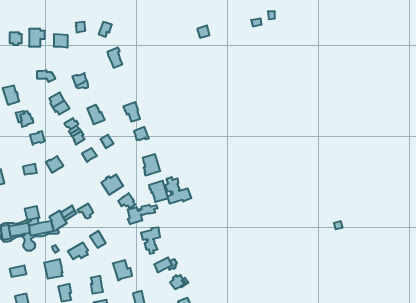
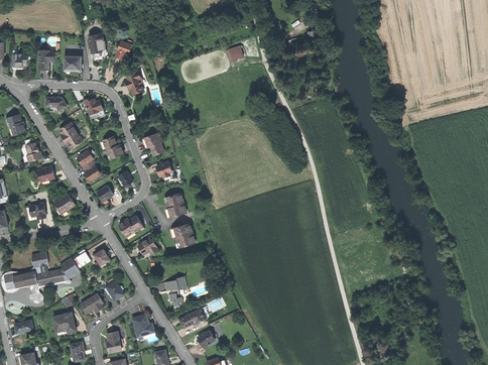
building: [166,177,191,204] -> none
building: [128,205,157,224] -> none

